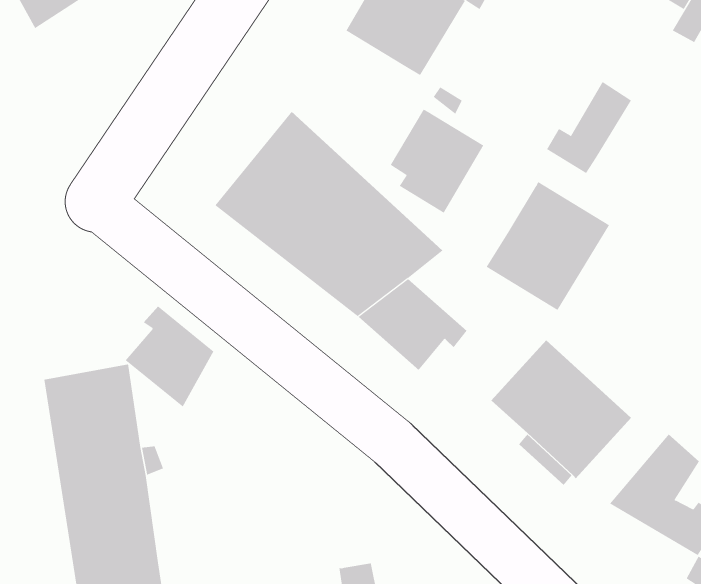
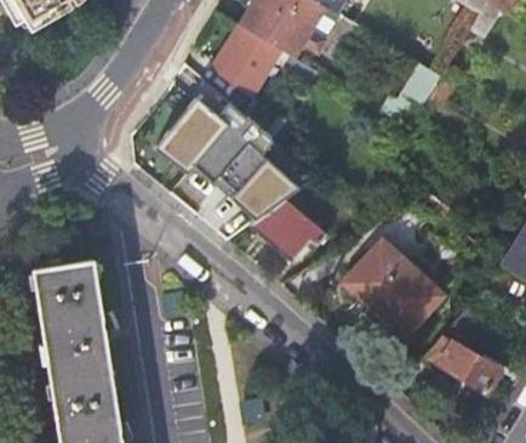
building: [390,109,484,214] -> [217,25,282,98]
building: [486,181,610,311] -> none
building: [125,305,214,408] -> none

